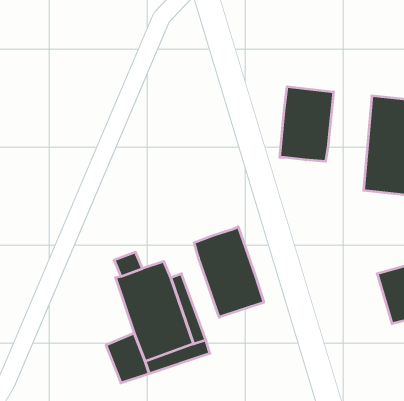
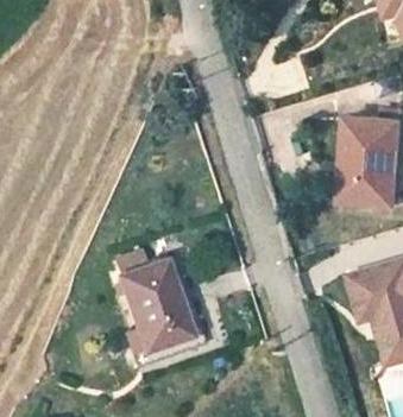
building: [280,87,333,161] -> none
building: [194,227,264,317] -> none

